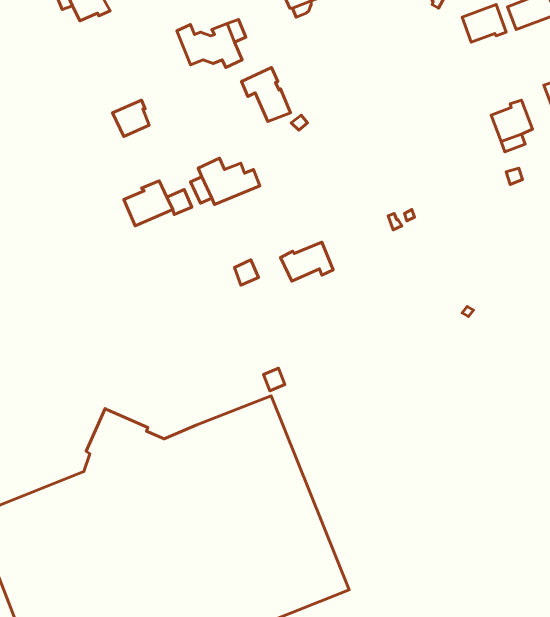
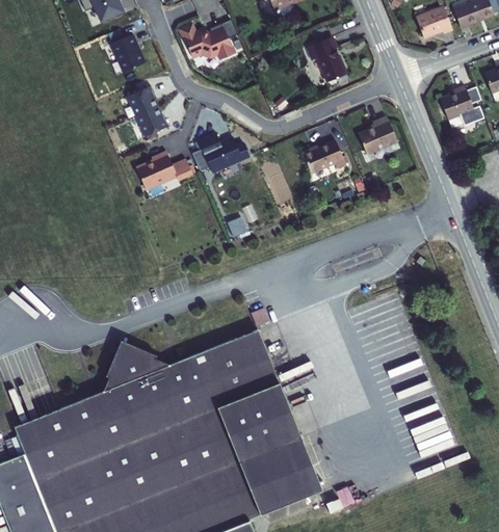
building: none -> [111,32,145,71]
building: [241,67,290,122] -> [306,36,346,81]
building: none -> [136,106,168,136]
building: none -> [359,116,397,154]
building: [280,242,333,281] -> [301,140,345,172]

